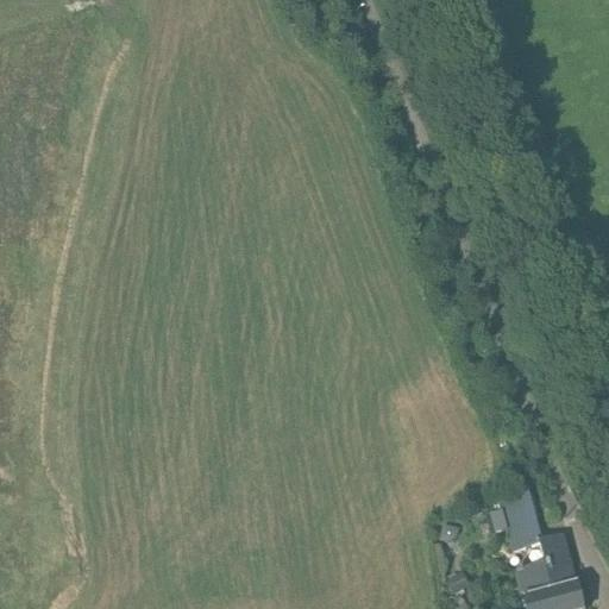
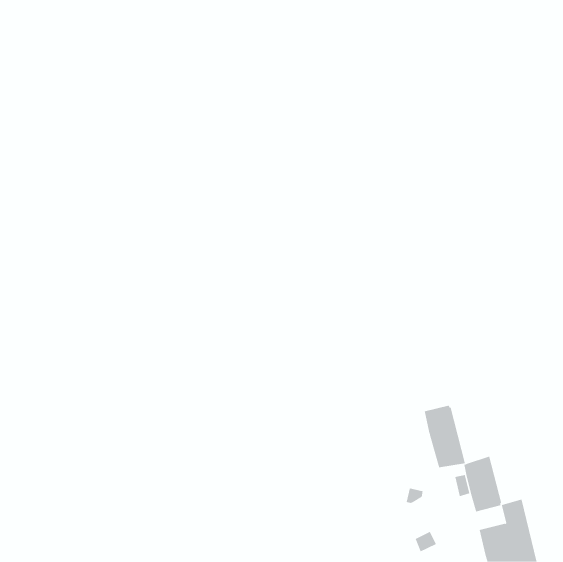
building: none -> [424,405,466,468]

